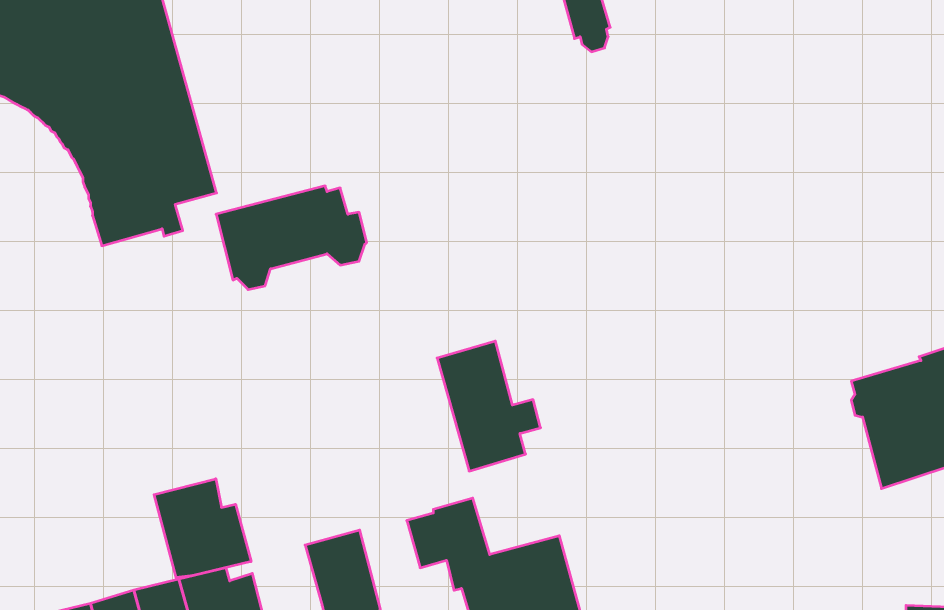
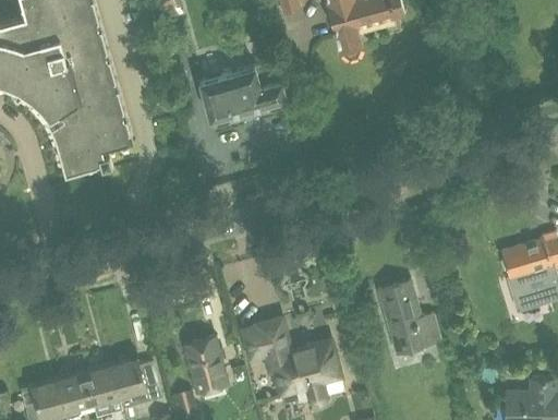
building: [216,186,367,290] -> [198,67,286,127]
building: [437,341,541,471] -> [377,281,437,357]
building: [154,479,251,578] -> none

